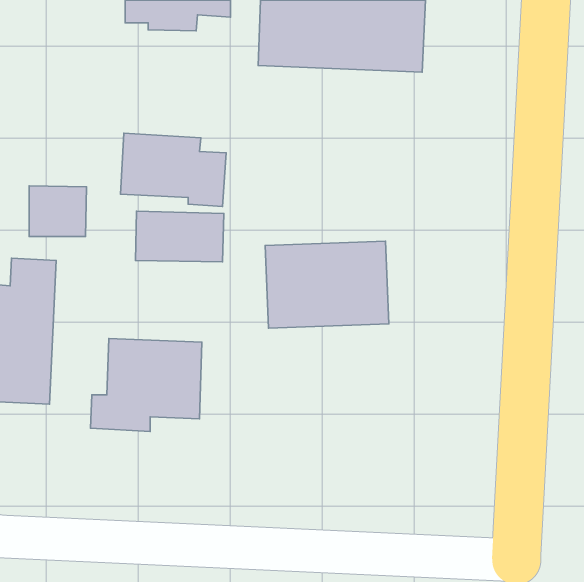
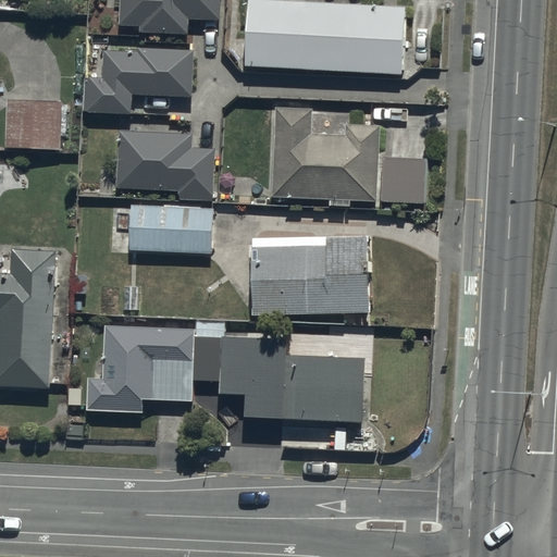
building: none -> [82,49,191,114]
building: none -> [272,108,425,207]
building: [29,186,87,236] -> [7,100,61,148]
building: none -> [220,333,364,419]

